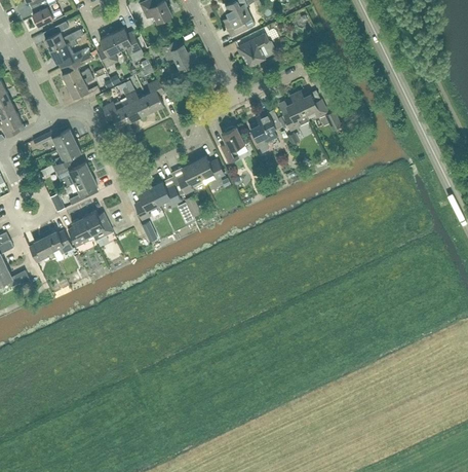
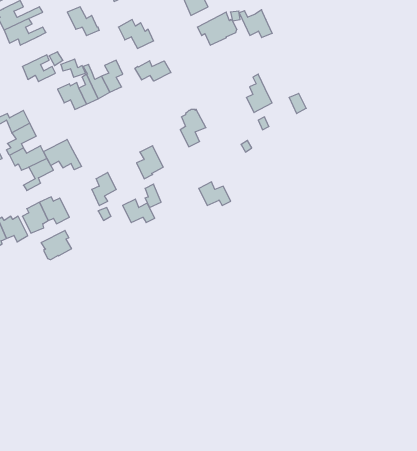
building: [100,33,119,67] -> none
building: [62,51,94,85] -> none
building: none -> [135,61,171,81]
building: [295,89,326,116] -> [239,10,272,38]
building: [250,111,277,152] -> none
building: [193,155,224,178] -> [199,182,231,205]
building: none -> [44,139,82,170]
building: [150,181,181,204] -> [123,199,155,223]
building: none -> [41,230,71,260]

